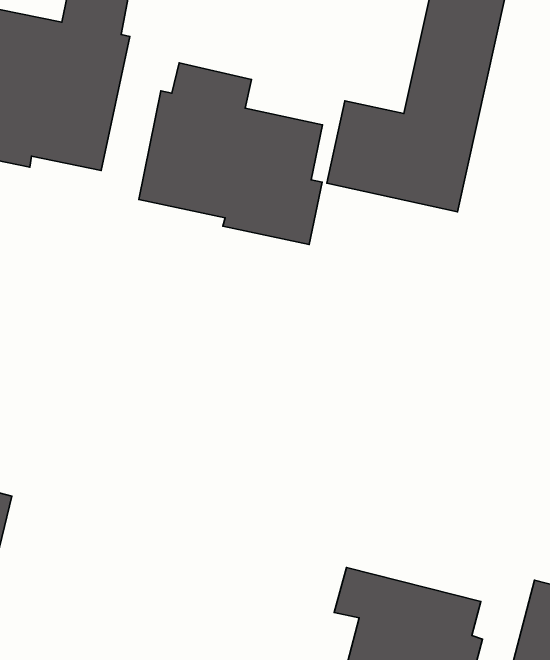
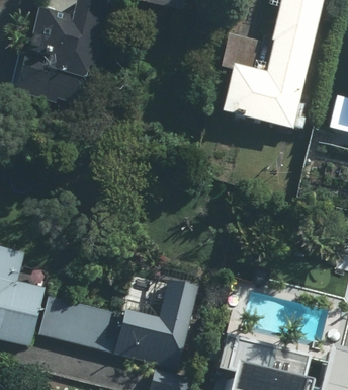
building: [139,63,322,244] -> none
building: none -> [44,282,195,363]

